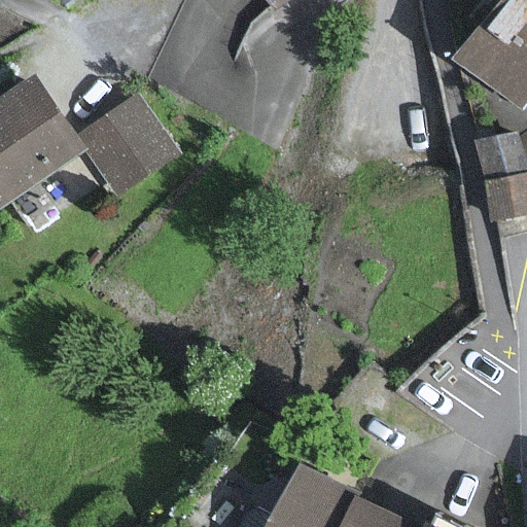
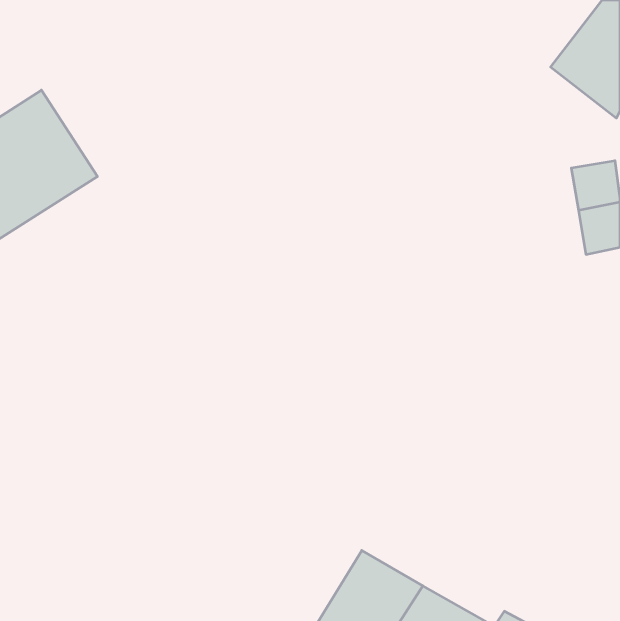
building: [82,97,176,188] -> none

